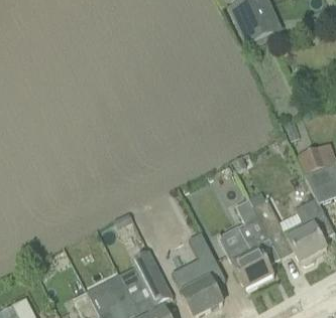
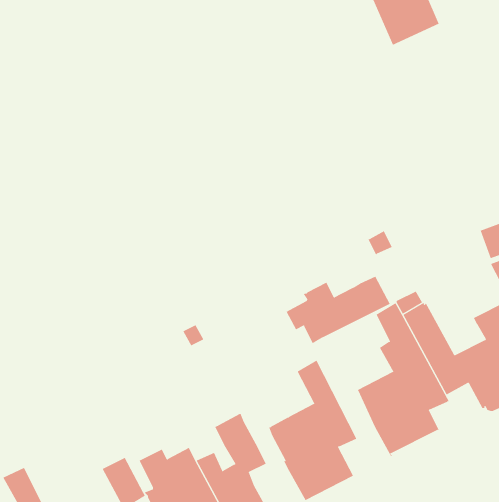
building: none -> [286,276,390,344]

